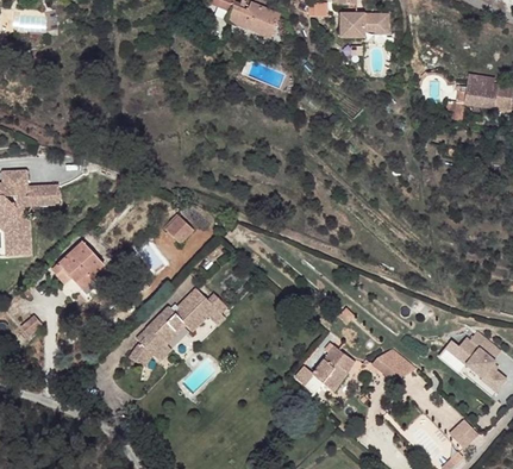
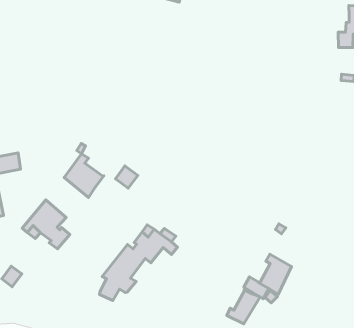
building: none -> [64,154,104,198]
building: [371,350,415,382] -> none
building: none -> [227,290,260,324]

